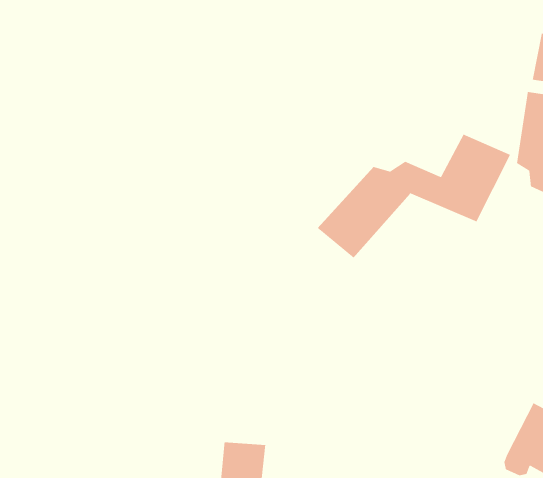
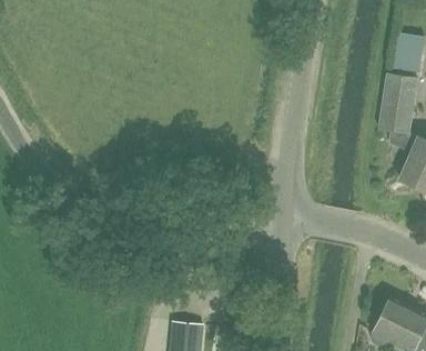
building: [317,133,511,258] -> none

